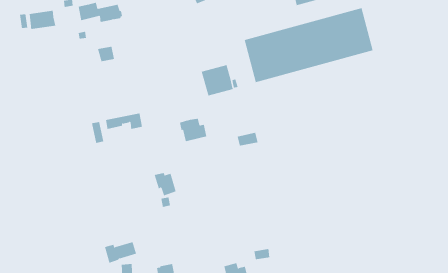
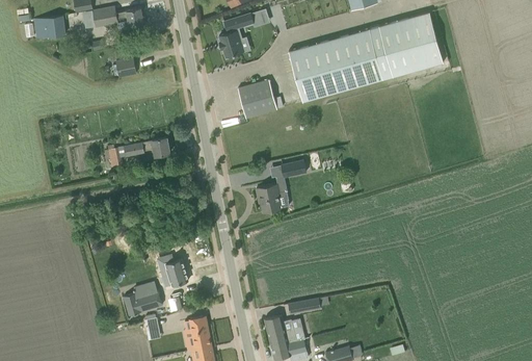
building: none -> [219,14,254,58]
building: [179,118,207,142] -> [256,184,289,212]
building: [154,172,176,196] -> [161,259,188,287]

